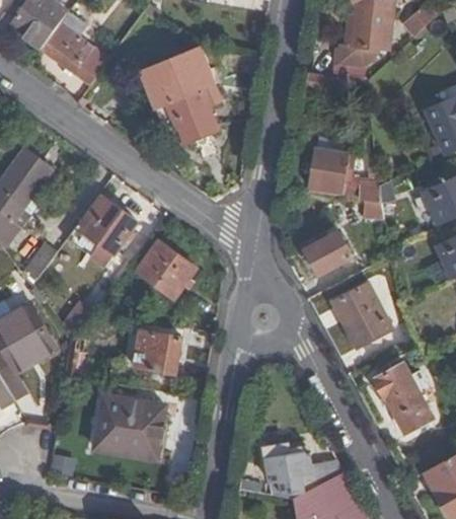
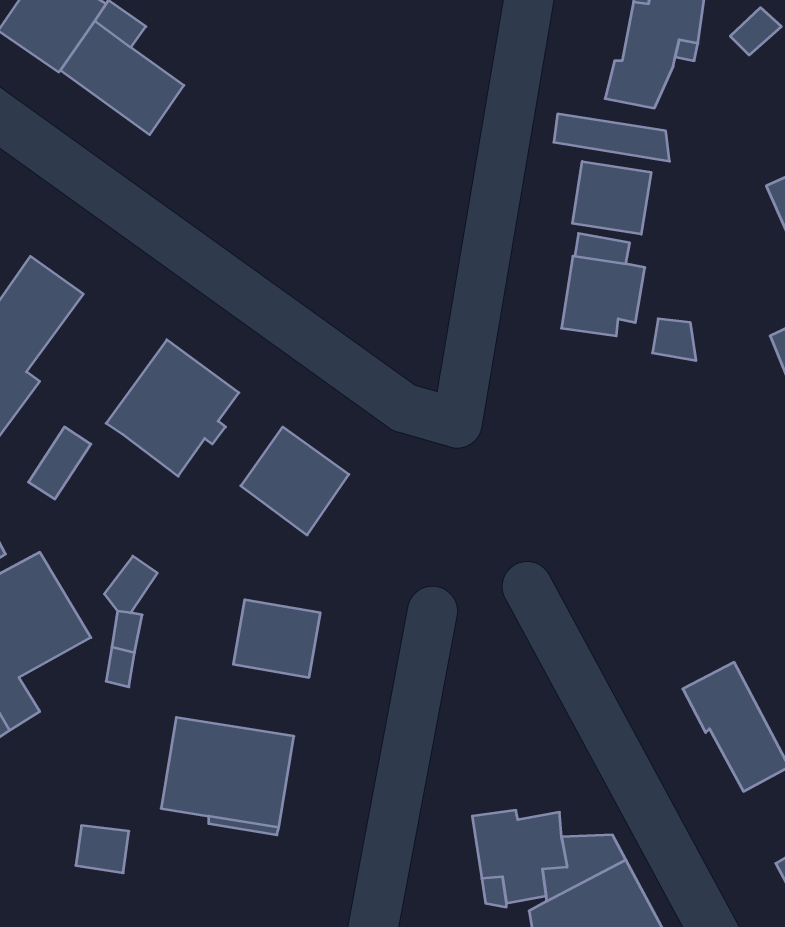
building: [140,47,221,144] -> none
building: none -> [572,161,651,234]
building: [305,232,353,277] -> none
building: [333,284,391,349] -> none

